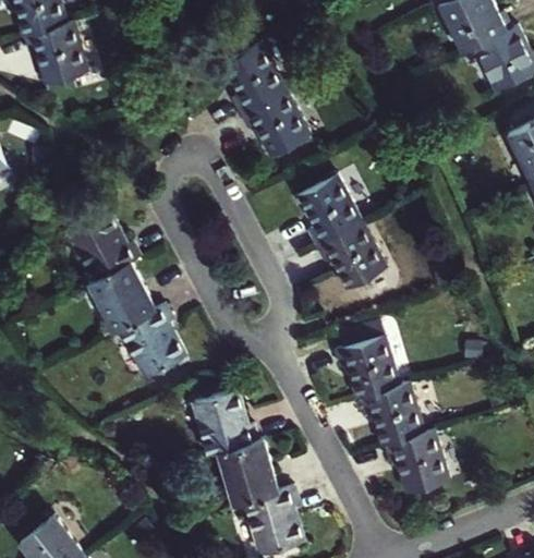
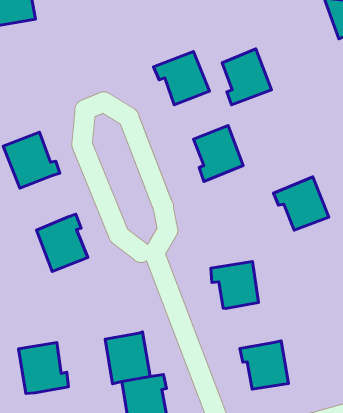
building: [221,41,286,113] -> [222,49,272,105]
building: [316,221,387,289] -> [274,177,329,230]
building: [88,260,156,331] -> none
building: [361,383,424,445] -> none
building: [192,388,258,454] -> [18,342,69,393]

